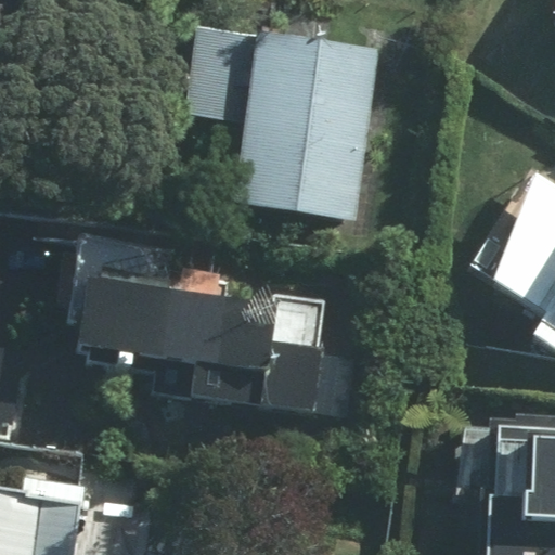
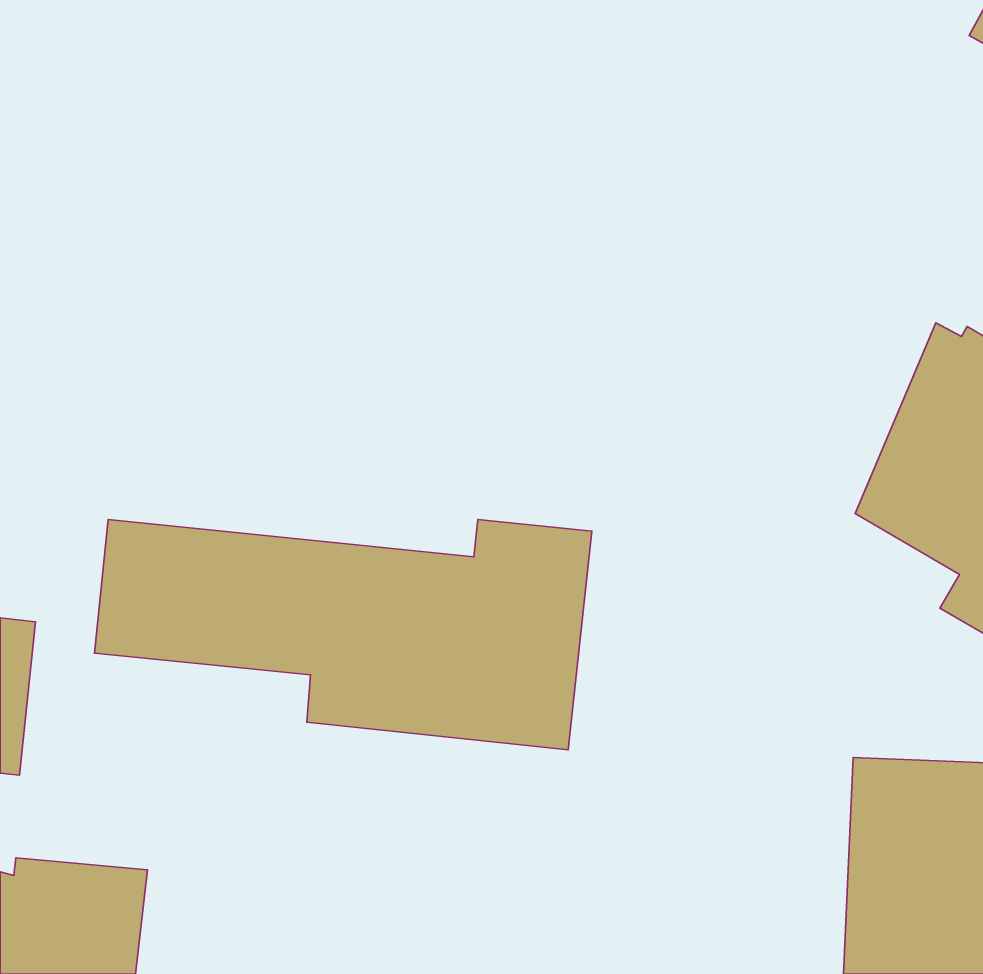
building: [229,24,385,217] -> none

